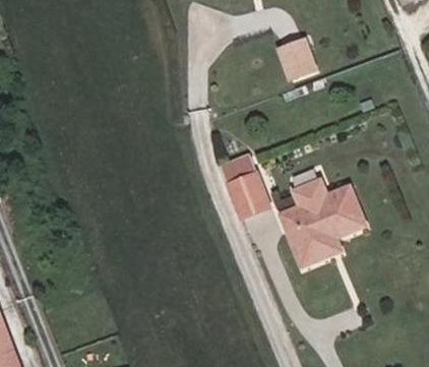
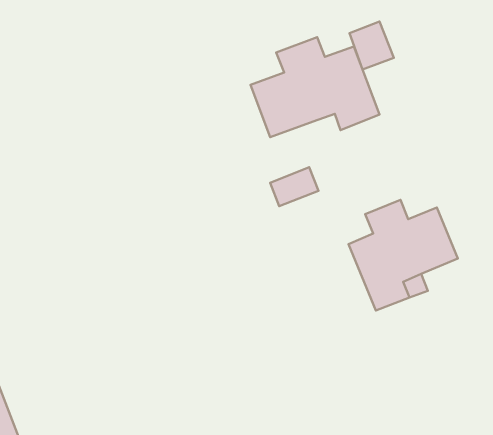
building: none -> [251,37,379,137]
building: [225,172,269,218] -> none

